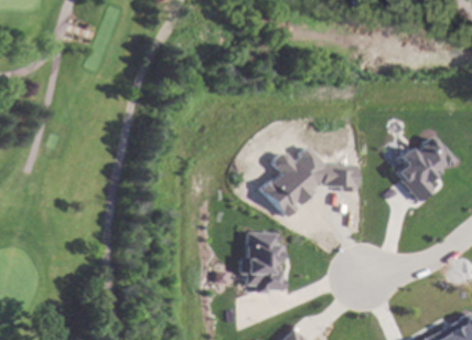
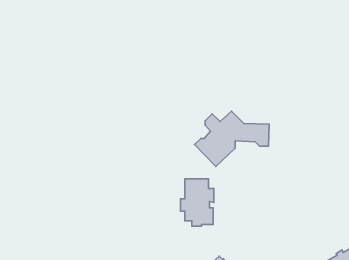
building: [388,137,447,202] -> none

